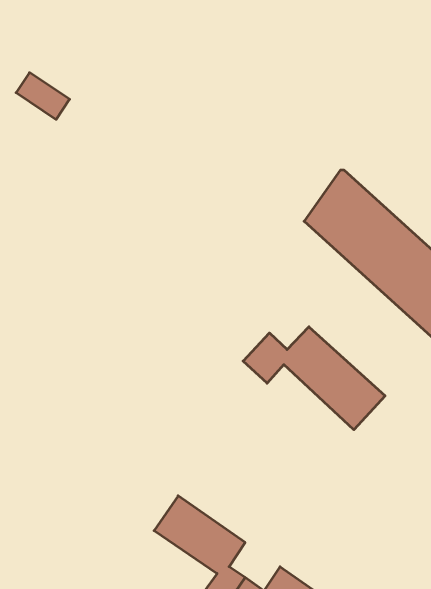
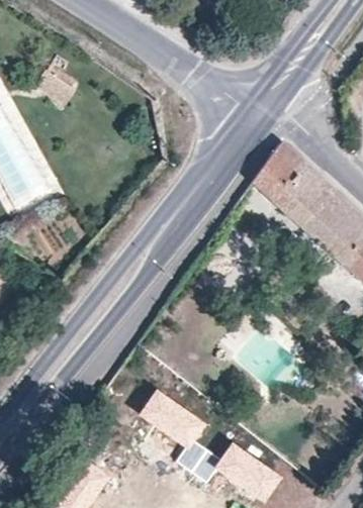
building: [243,327,385,430] -> none

